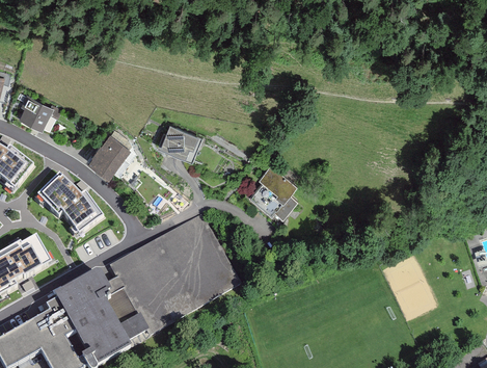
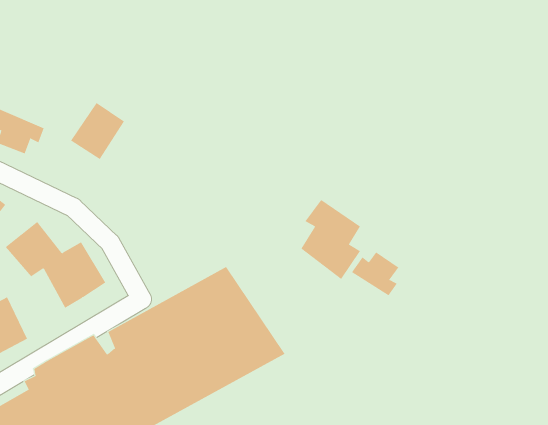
building: [160,123,201,159] -> none
building: [89,132,131,176] -> [70,102,125,160]
building: none -> [351,251,399,296]

